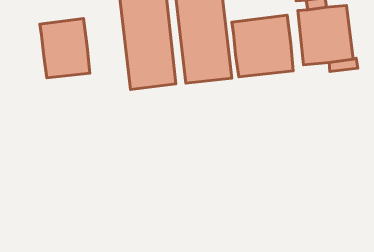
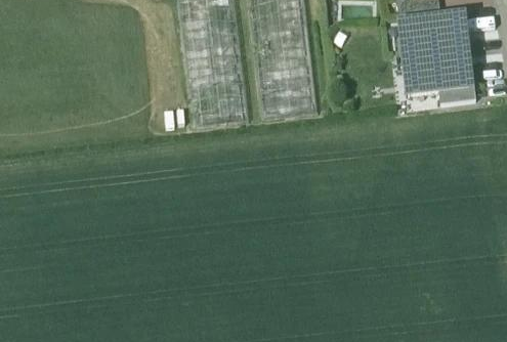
building: [232,15,293,77] -> none
building: [40,19,90,78] -> none

